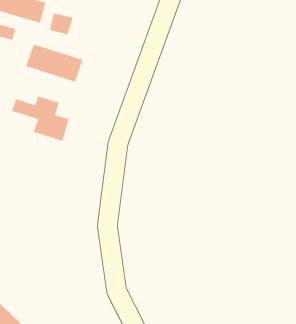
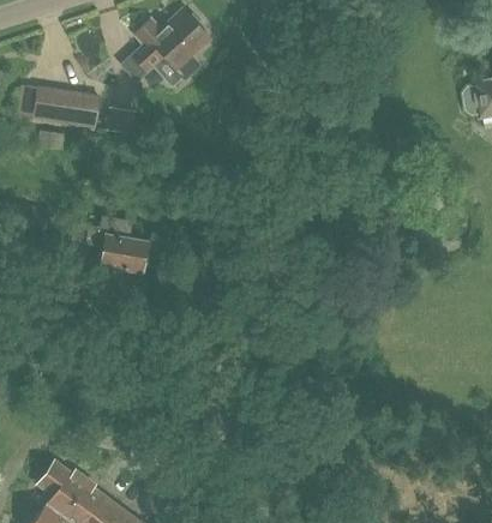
building: [26,44,83,82] -> none

